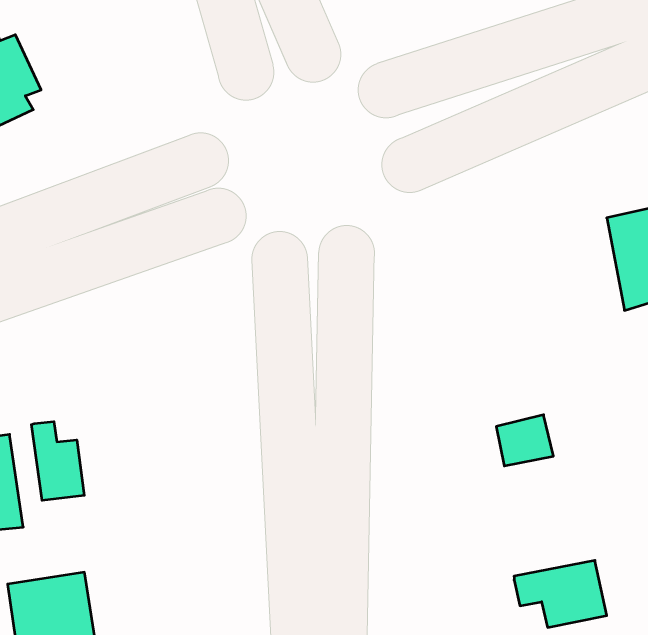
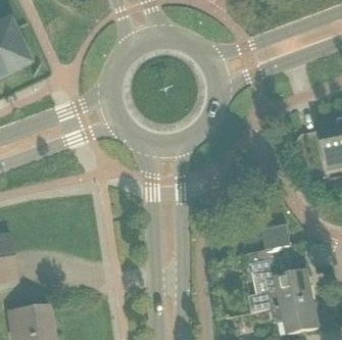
building: [31,422,84,500] -> none
building: none -> [249,252,313,310]

